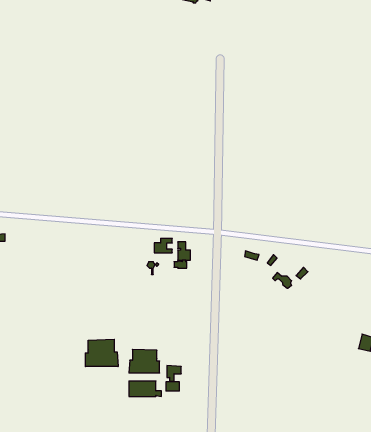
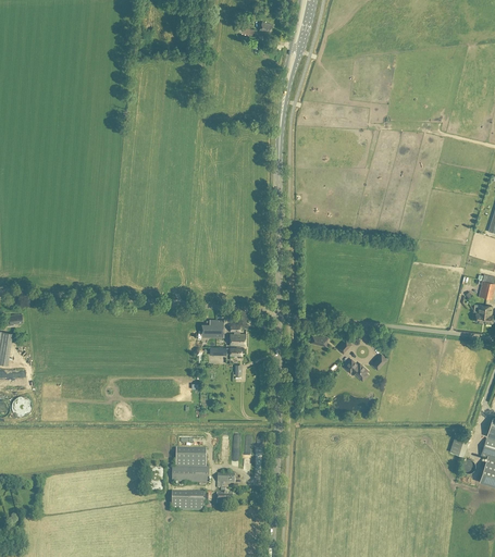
building: [85,339,118,367] -> none

